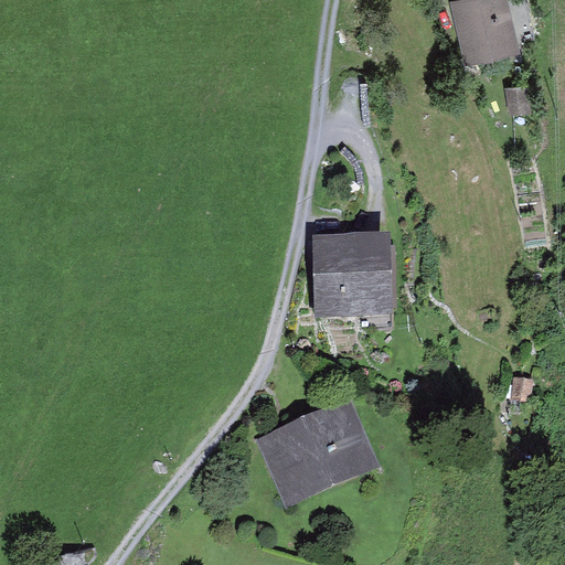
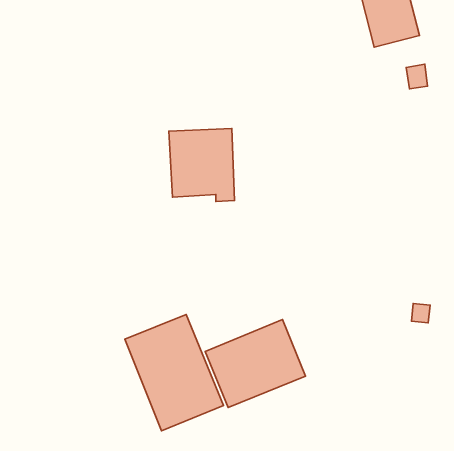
building: [311,234,393,324] -> [169,129,235,201]
building: none -> [125,315,224,431]

